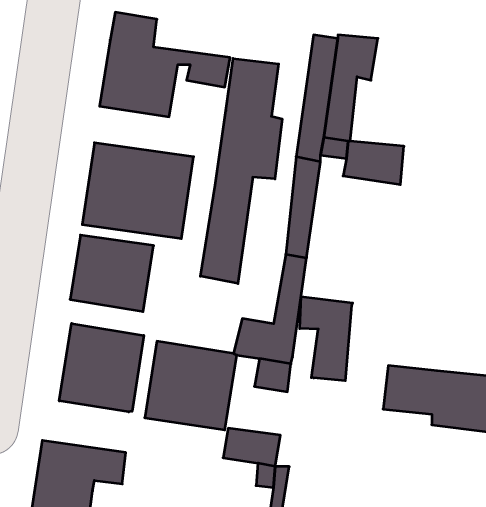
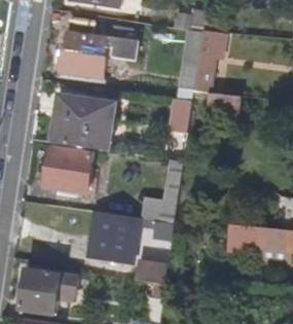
building: [200,58,282,284] -> none
building: [300,297,353,381] -> none
building: [59,323,144,412] -> none

